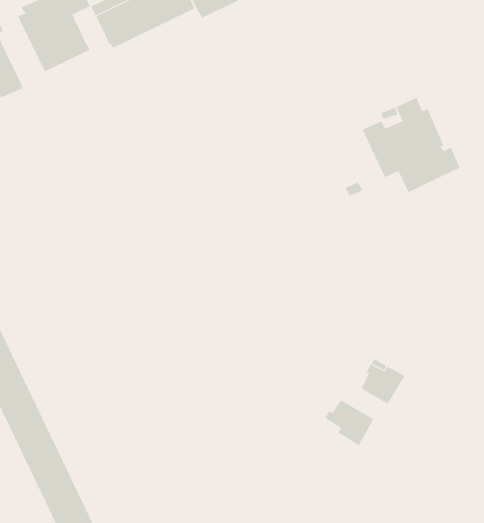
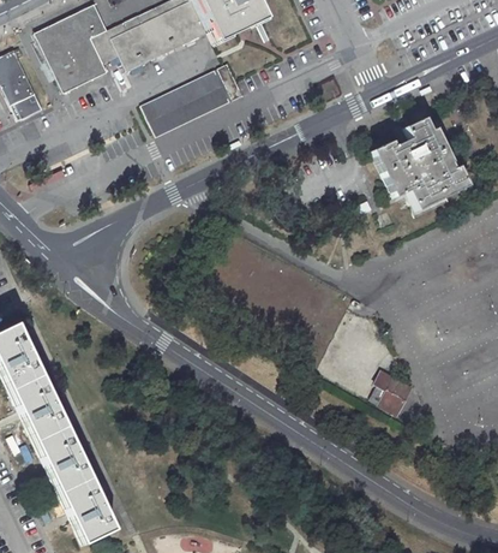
building: none -> [94,28,122,61]
building: none -> [145,61,247,136]
building: [324,399,374,446] -> none

